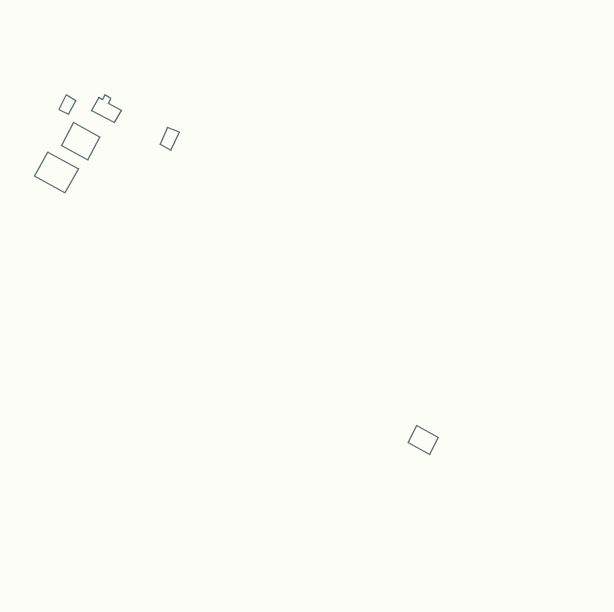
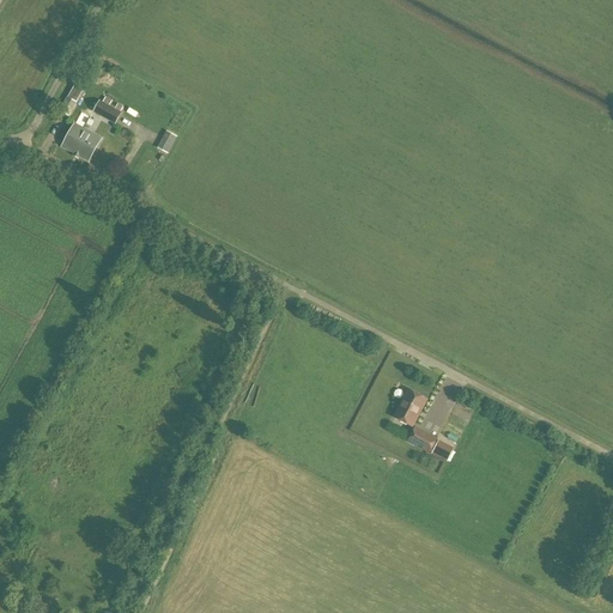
building: [34,152,79,193] -> none
building: none -> [394,388,425,424]

